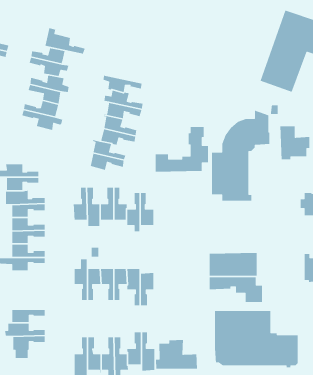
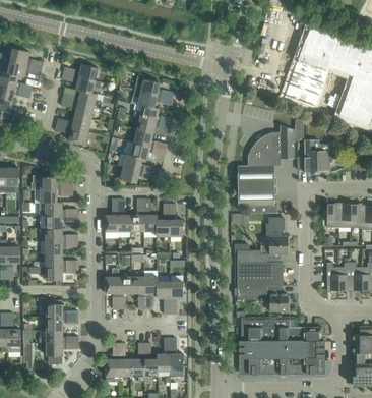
building: [45,27,86,54] -> [134,72,174,99]
building: [155,126,209,173] -> [236,218,288,263]
building: none -> [46,299,78,317]
building: none -> [296,327,322,341]
building: [155,339,198,369] -> none

